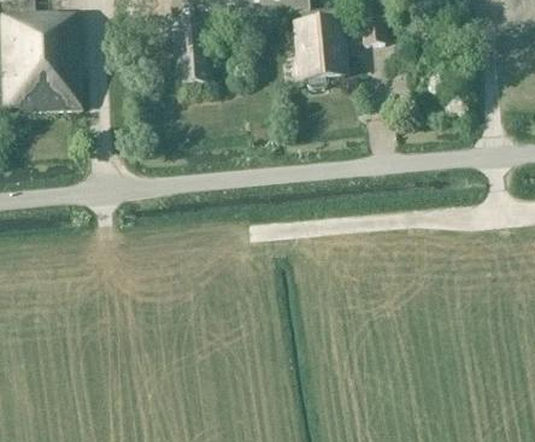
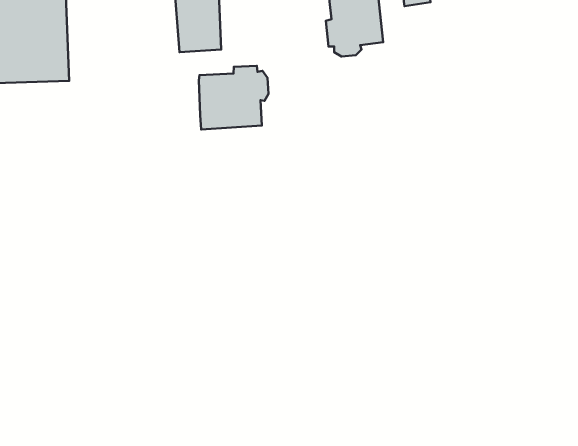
building: none -> [199,66,269,129]

